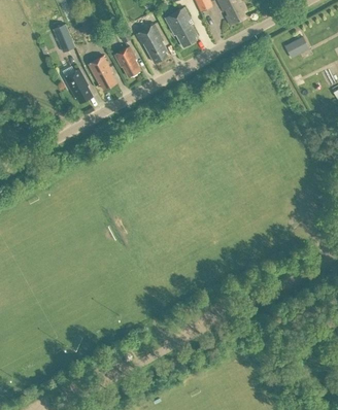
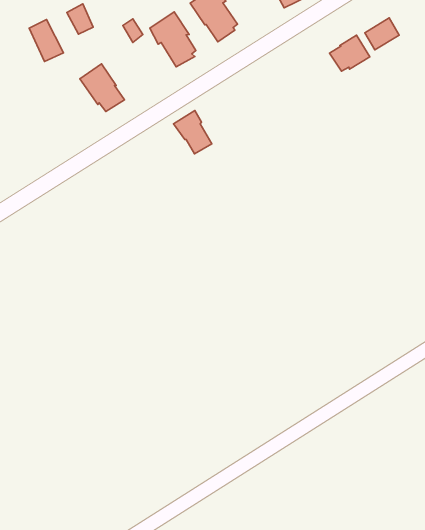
building: [113,45,139,75] -> [173,111,212,154]
building: none -> [330,35,370,71]
building: [63,68,92,102] -> none

